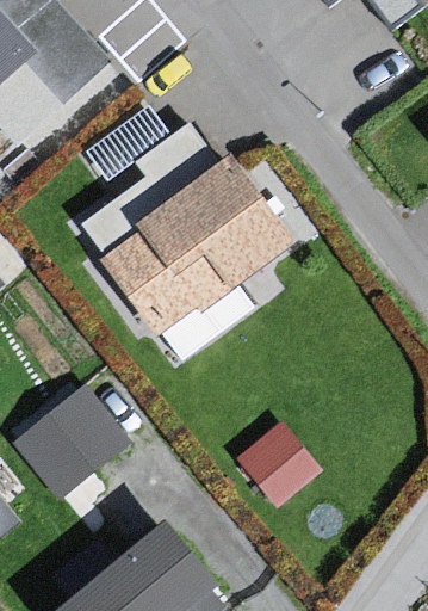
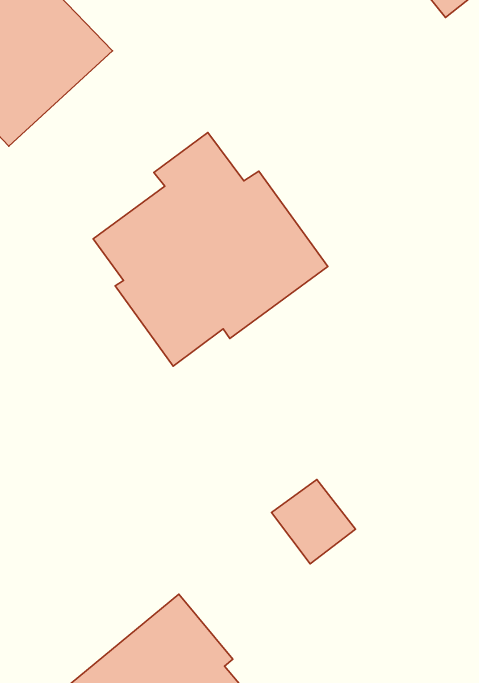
building: [20,391,124,492] -> none

